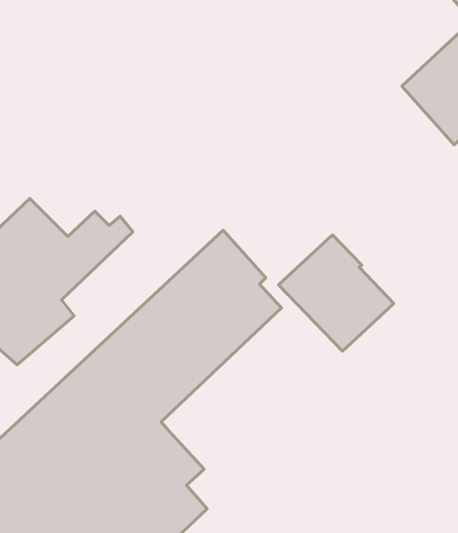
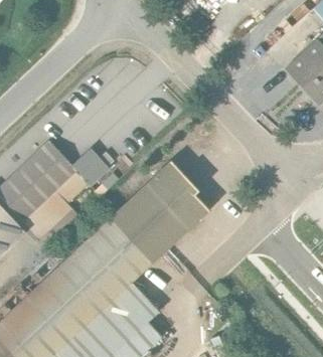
building: [279,235,394,351] -> none

